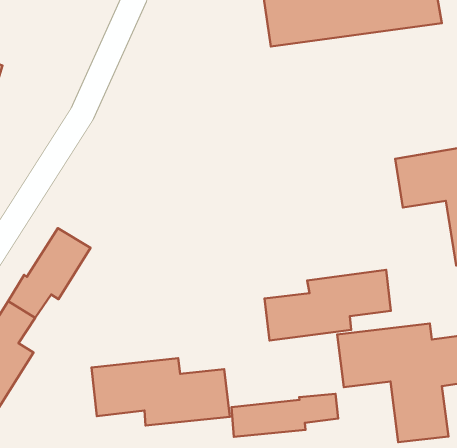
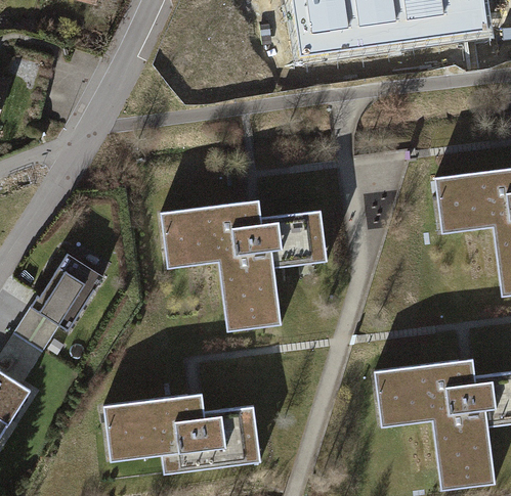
building: none -> [159,196,326,329]
building: [265,270,391,340] -> none
building: [231,394,338,437] -> none

